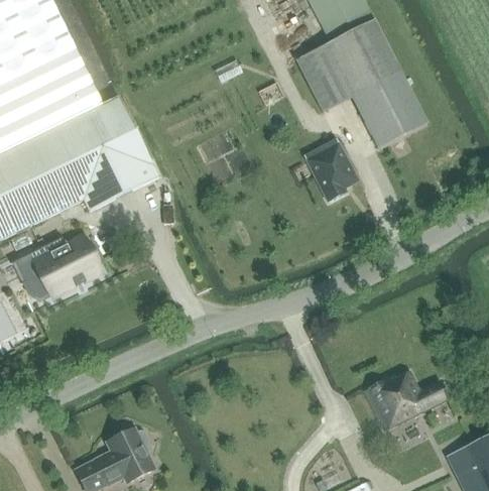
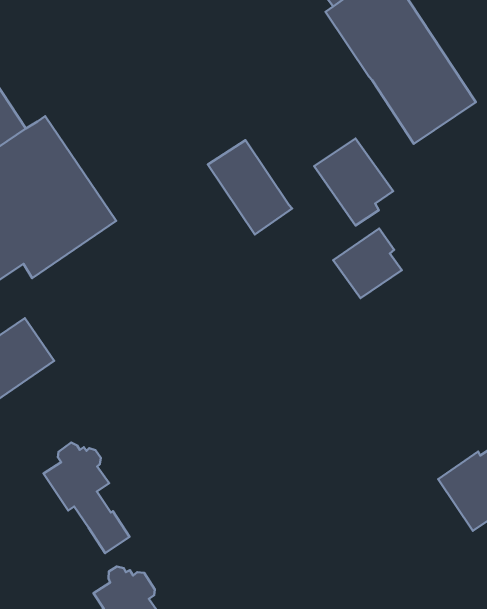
building: [296,44,353,113] -> [208,140,292,234]
building: none -> [333,228,402,298]
building: none -> [43,443,130,553]

